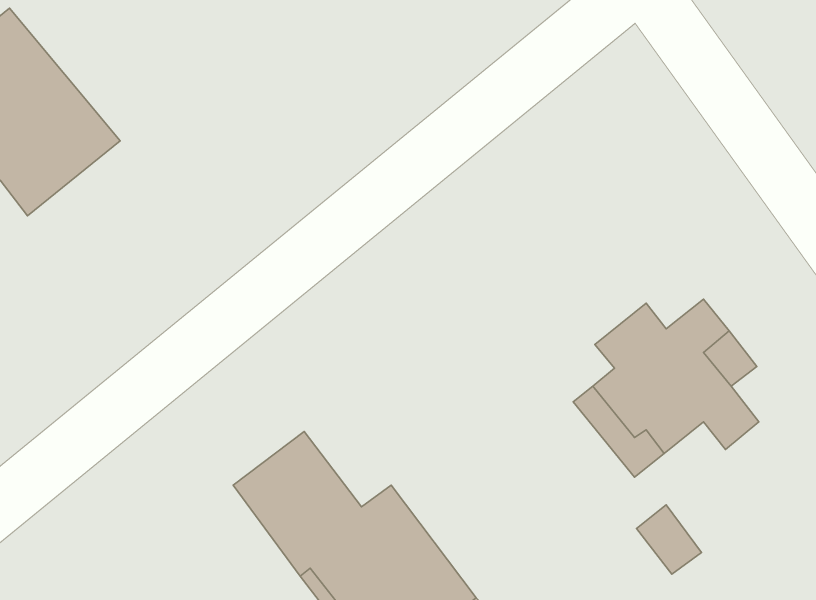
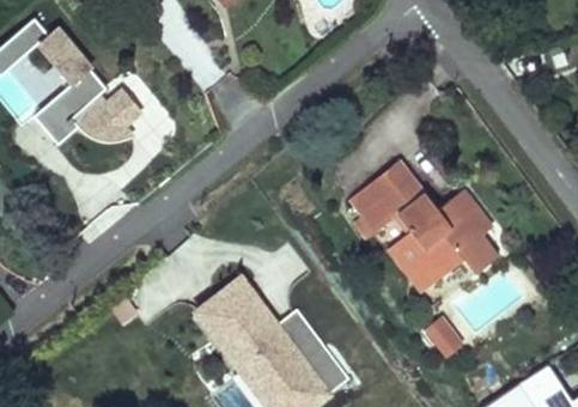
building: none -> [81,85,147,151]
building: none -> [346,156,431,237]

